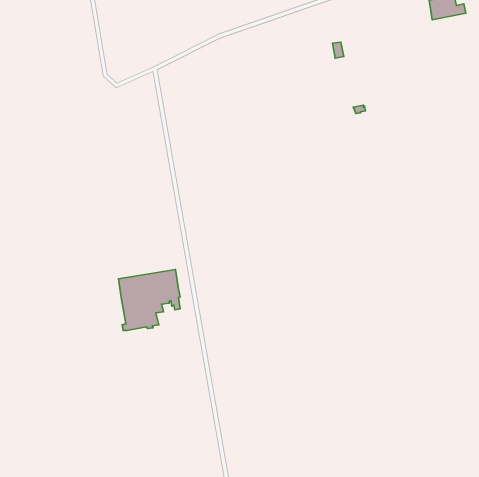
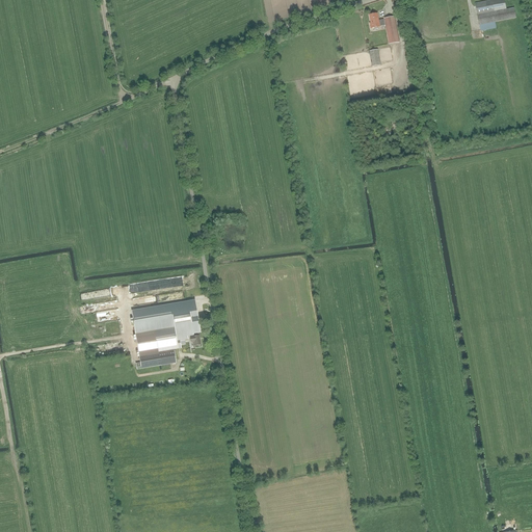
building: none -> [369,10,399,42]

